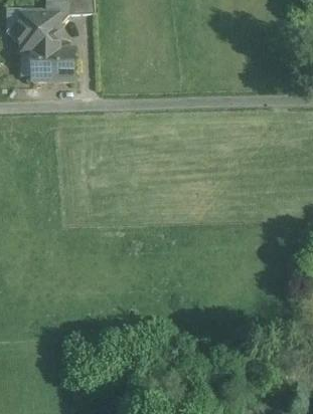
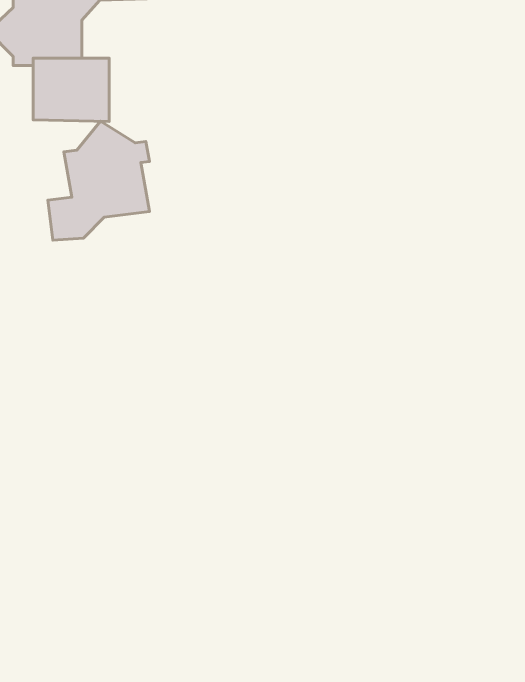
building: none -> [48,121,149,240]

